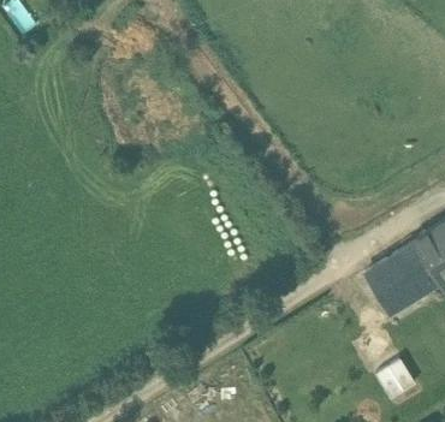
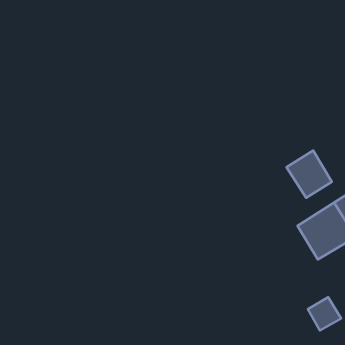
building: none -> [286,151,332,198]

